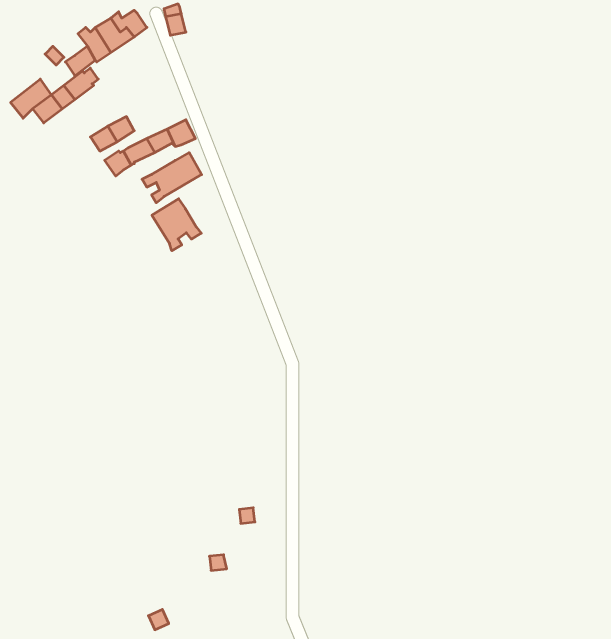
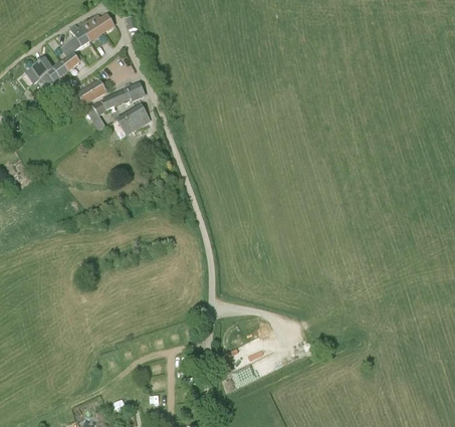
building: [152,199,201,251] -> none

